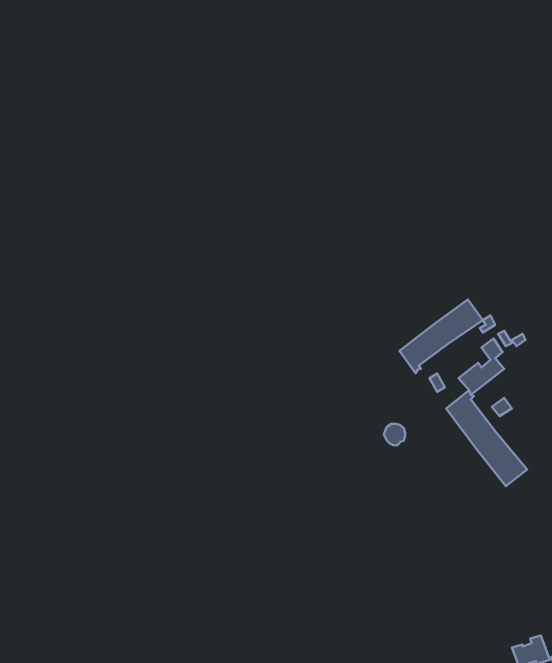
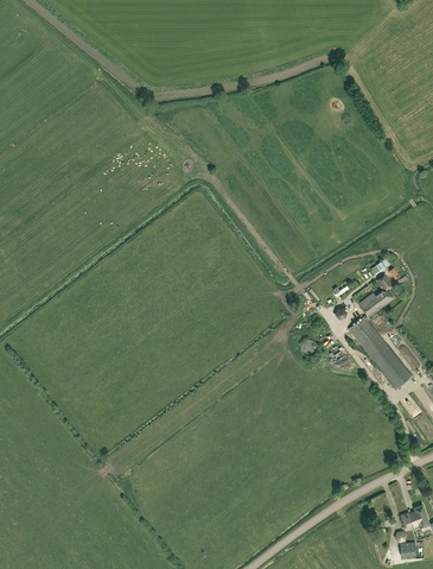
building: [399,300,483,373] -> none

